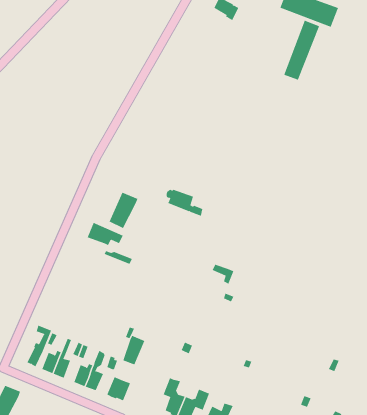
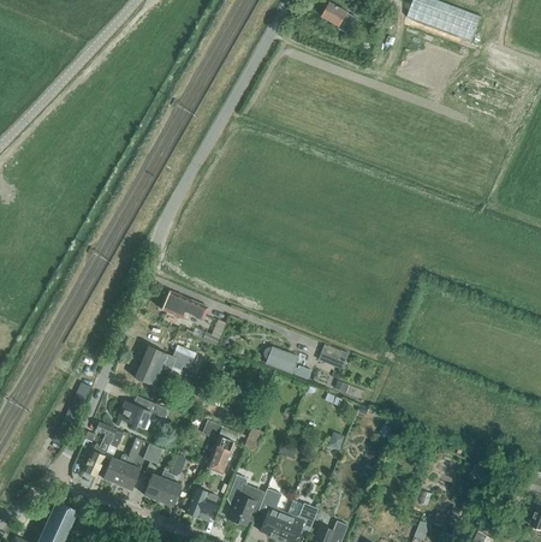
building: [283,20,320,81] -> none
building: [166,189,203,216] -> [263,346,311,381]
building: [109,192,138,229] -> none
building: none -> [136,346,197,389]
building: none -> [118,395,170,429]
building: none -> [227,475,263,526]

